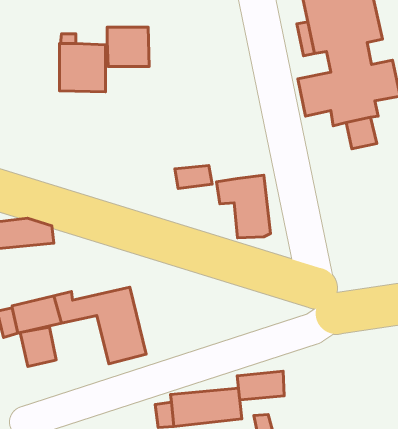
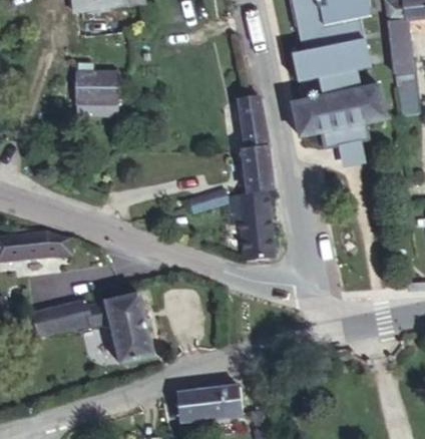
building: [107,27,149,66] -> none
building: none -> [232,89,271,195]
building: [20,327,56,367] -> none
building: [237,371,284,400] -> none

